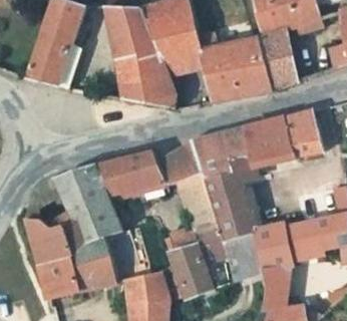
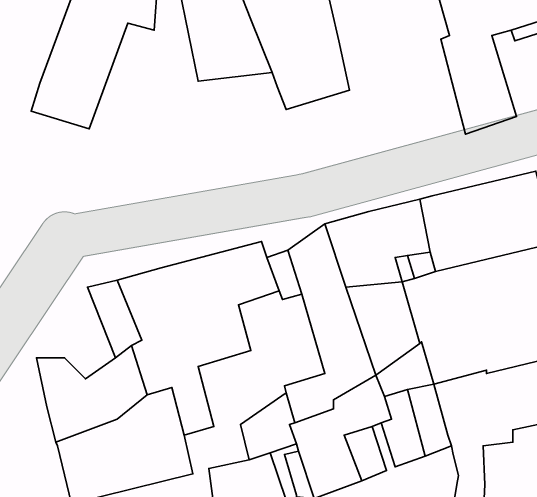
building: [199,33,271,101] -> none
building: [118,55,175,108] -> none

